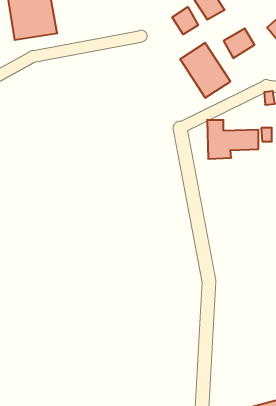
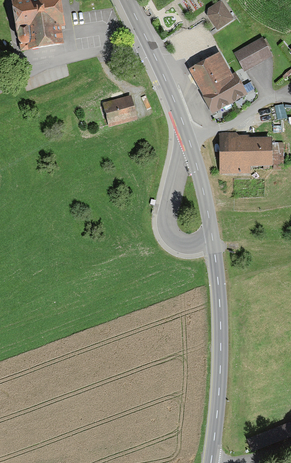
building: [172,7,198,34] -> none
building: none -> [100,96,135,129]

